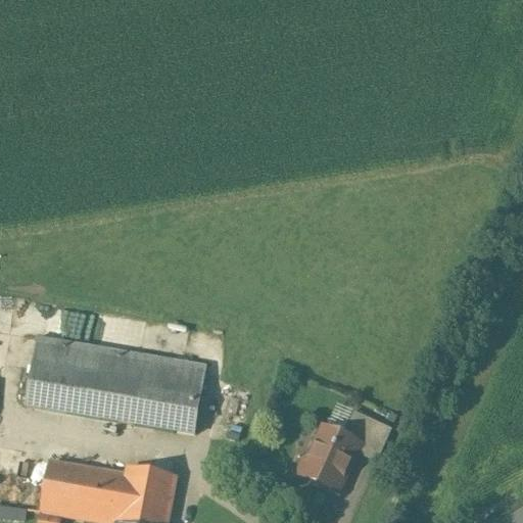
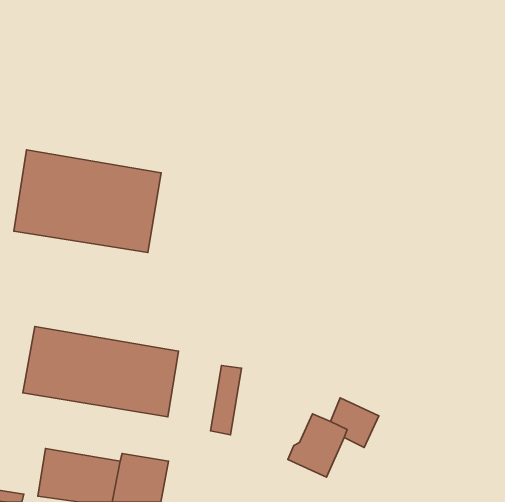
building: none -> [14,150,161,252]
building: [173,362,204,433] -> [211,365,241,435]

